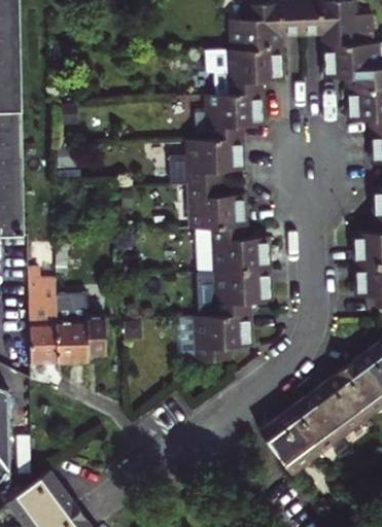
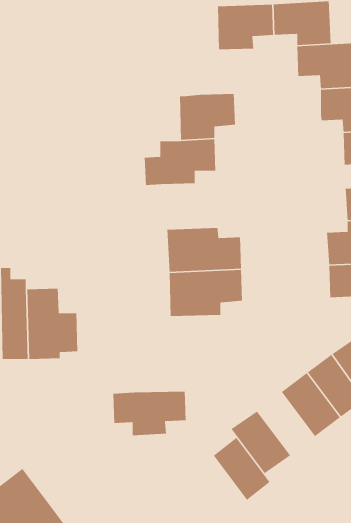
building: [205,49,281,96] -> none
building: [188,184,245,230] -> none
building: [175,316,249,361] -> [112,391,187,436]
building: [284,392,342,456] -> [213,437,271,501]

